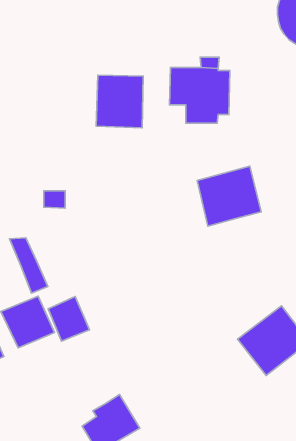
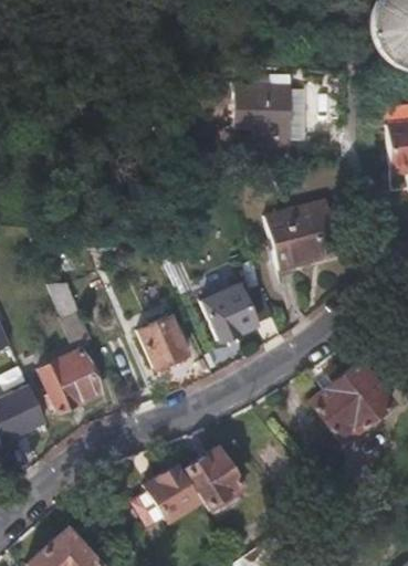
building: [96,75,143,128] -> none
building: none -> [205,283,279,339]
building: [48,296,89,341] -> [139,316,187,368]
building: none -> [186,447,245,512]

